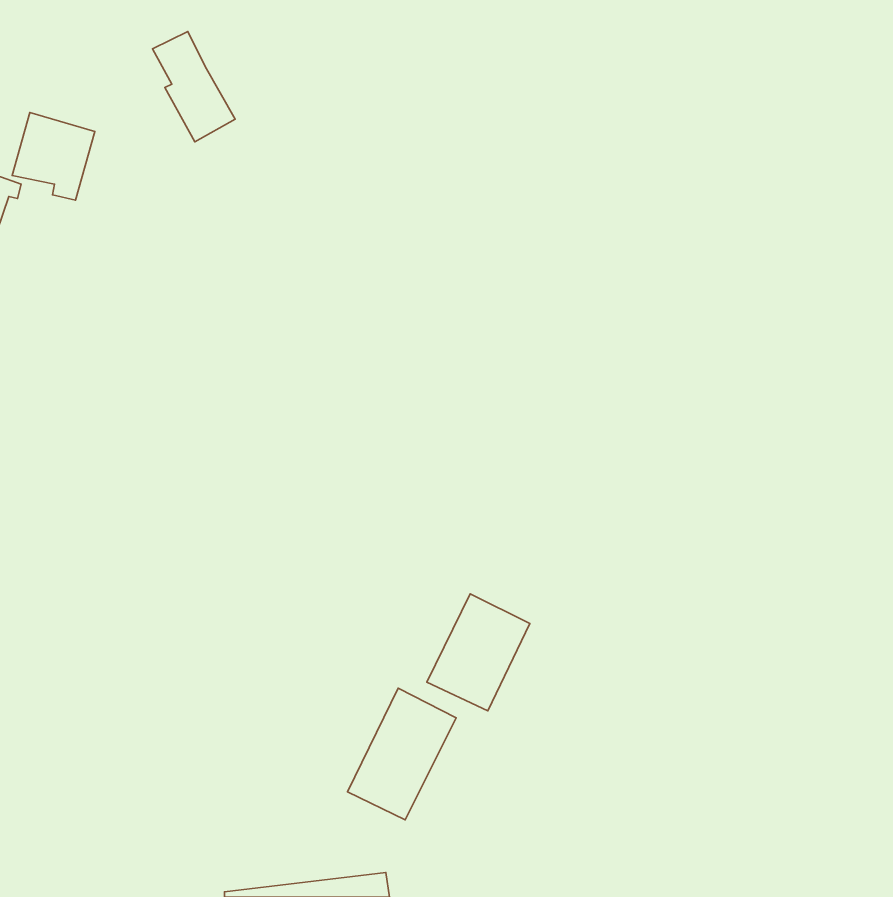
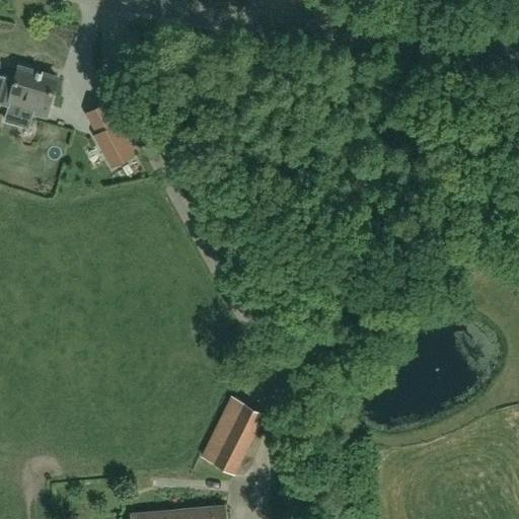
building: [153,31,235,142] -> [86,102,134,166]
building: [427,594,530,711] -> none

